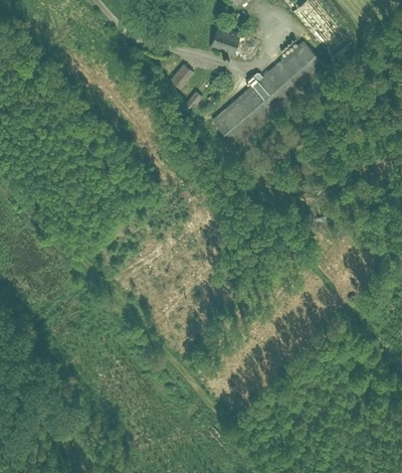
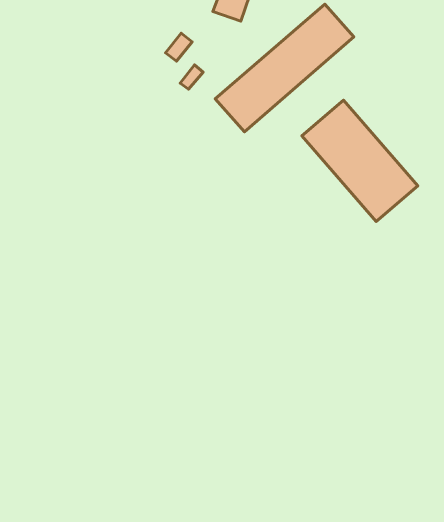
building: none -> [302,100,418,221]

